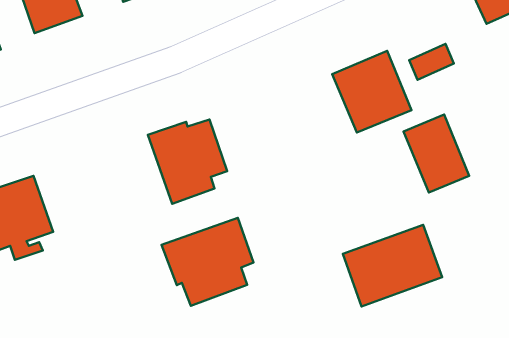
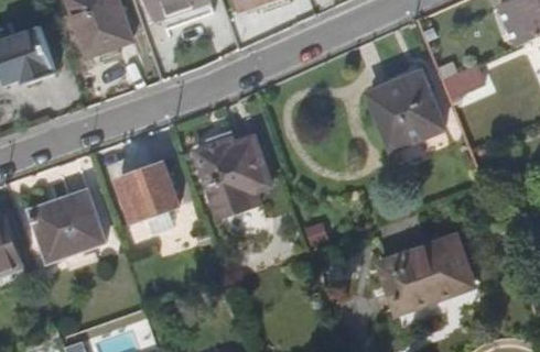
building: [404,115,469,193] -> none
building: none -> [116,163,176,230]
building: [162,218,253,306] -> none

